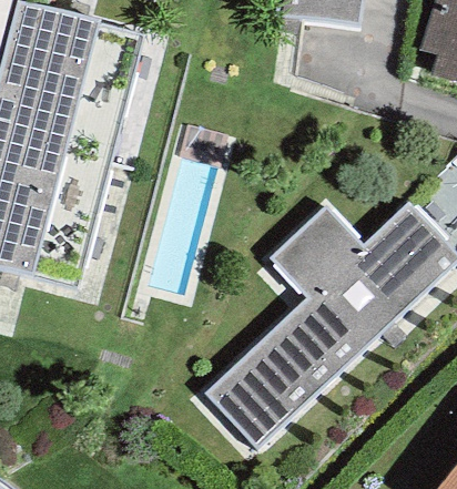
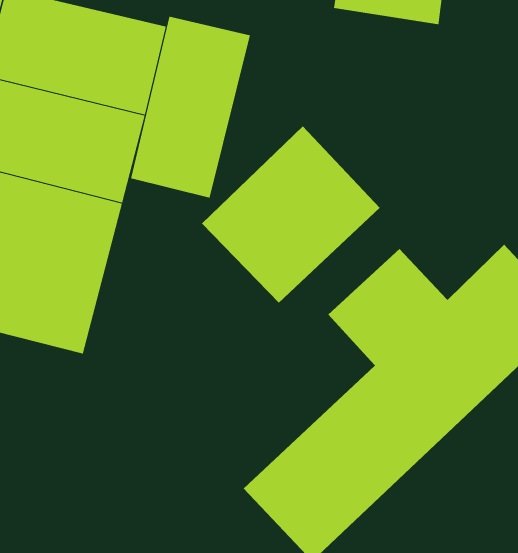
building: none -> [130,16,250,198]
building: none -> [201,126,380,304]

